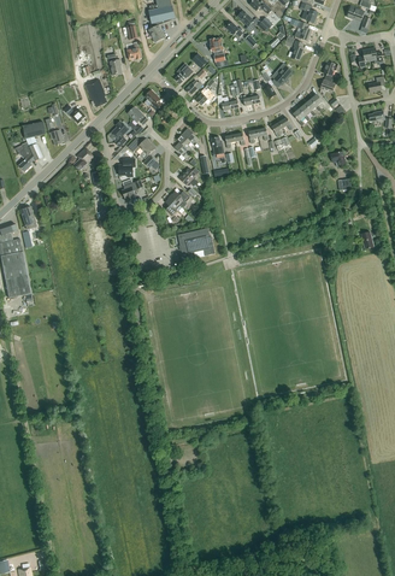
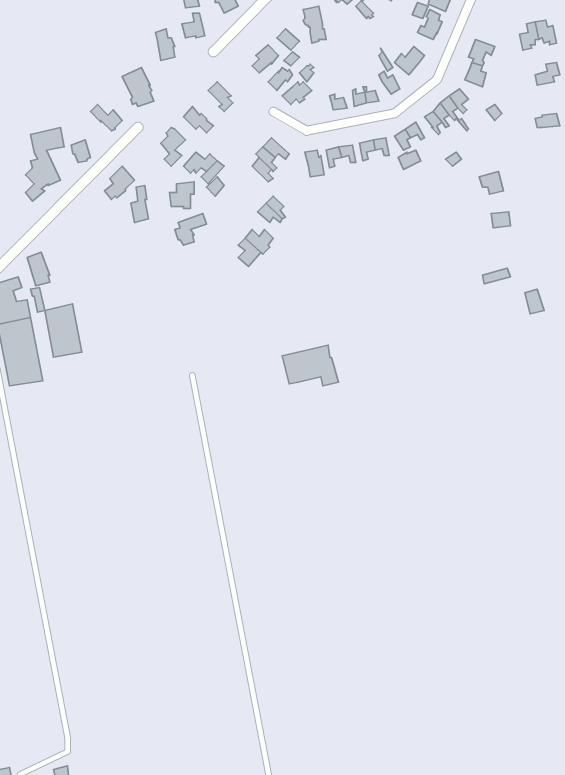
building: [177,228,216,255] -> [282,345,339,386]
building: none -> [45,304,82,357]

